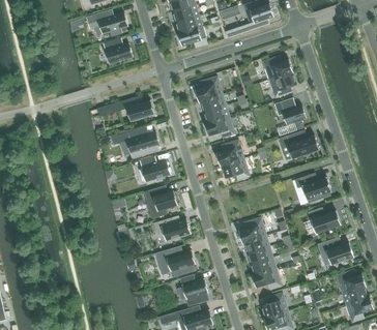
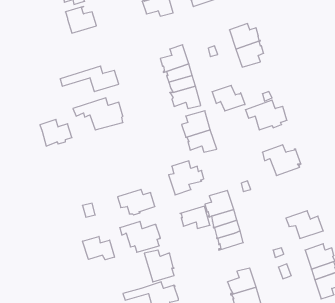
building: [273,98,306,123] -> [212,85,245,111]
building: [139,156,170,182] -> [40,119,72,146]
building: [145,185,179,218] -> [169,161,204,195]
building: [308,208,340,233] -> none
building: none -> [83,236,114,260]
building: [252,268,281,290] -> [180,206,210,228]

